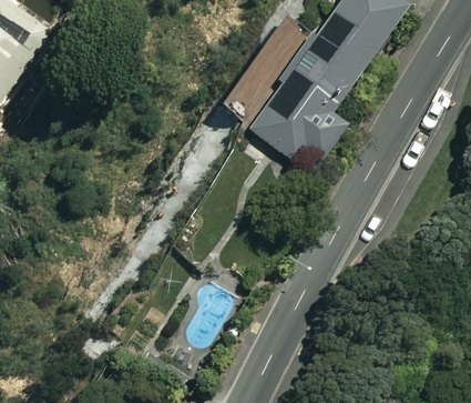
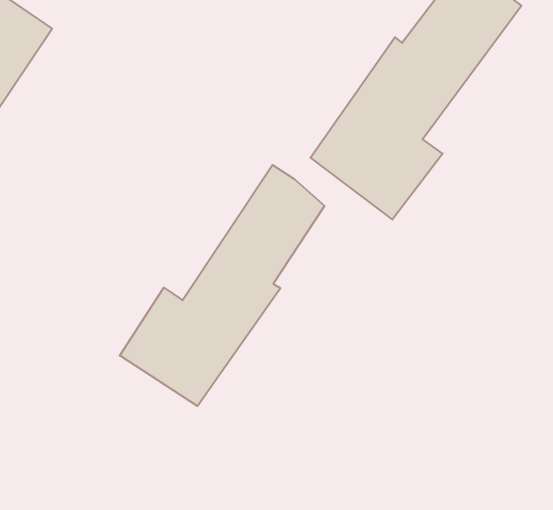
building: none -> [120,165,324,406]

